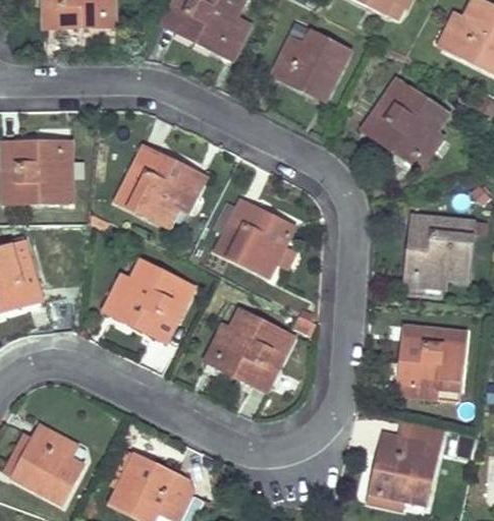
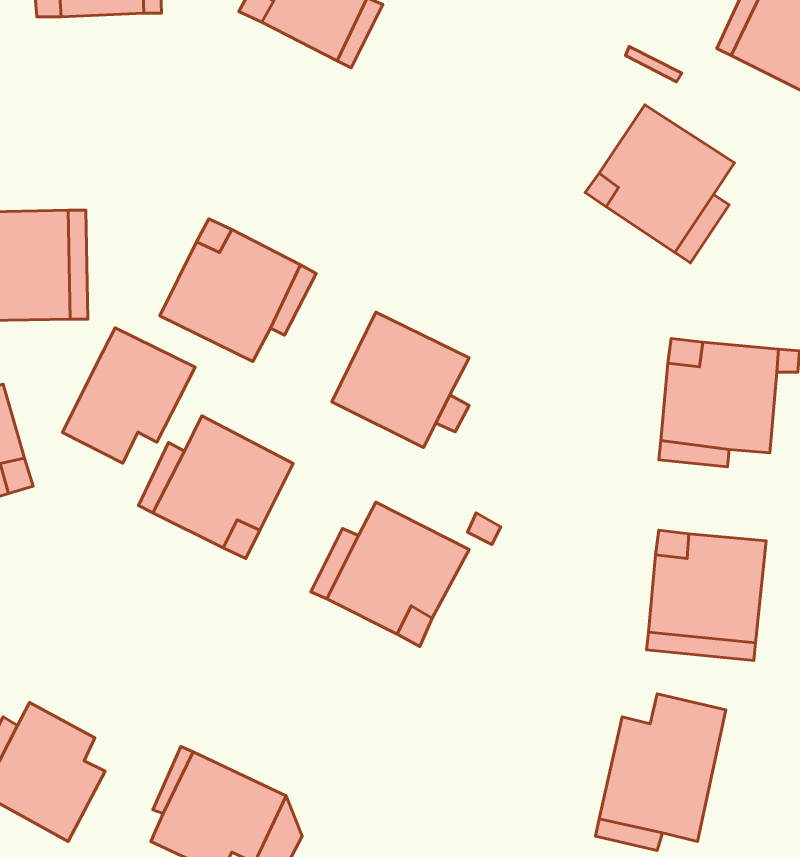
building: [271,28,350,101] -> none
building: none -> [63,328,195,463]

